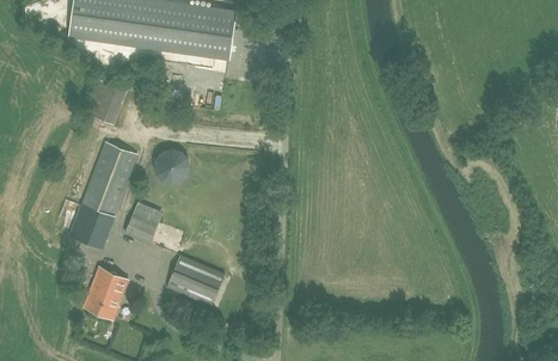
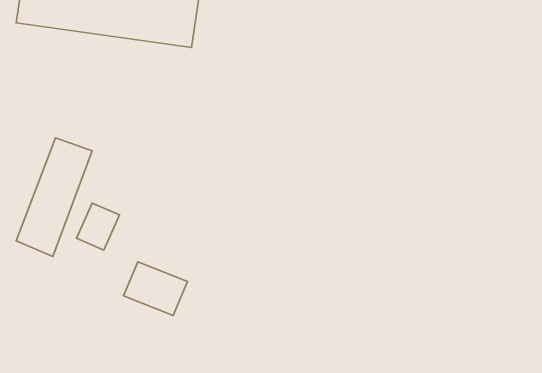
building: [154,153,188,186] -> none
building: [82,268,127,320] -> none

